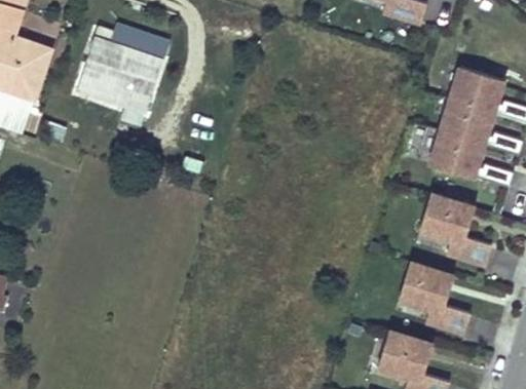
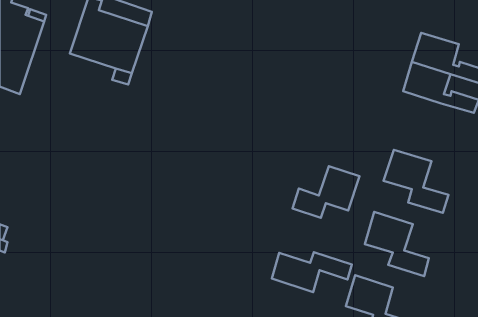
building: [430,131,513,189] -> none
building: none -> [292,166,360,218]
building: none -> [272,252,352,292]

